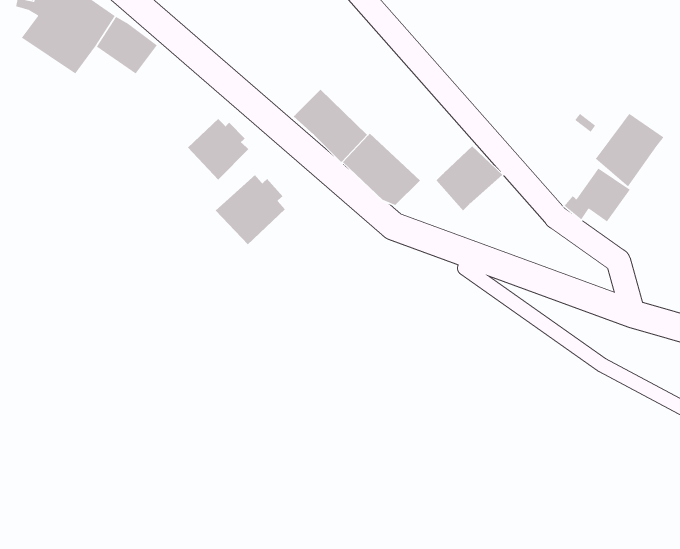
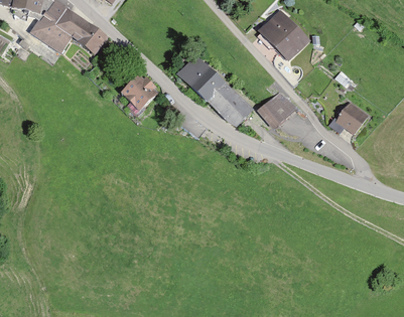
building: none -> [265,18,306,57]
building: [595,113,664,188] -> none
building: [215,174,286,245] -> none

